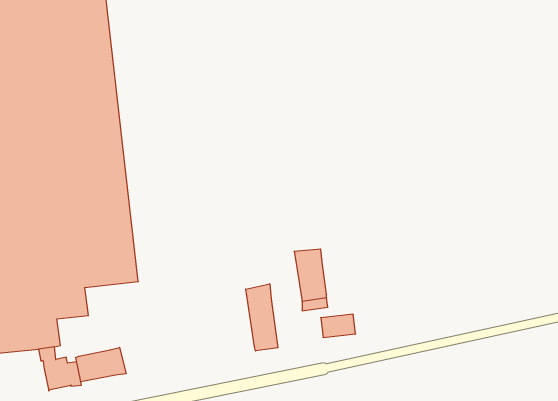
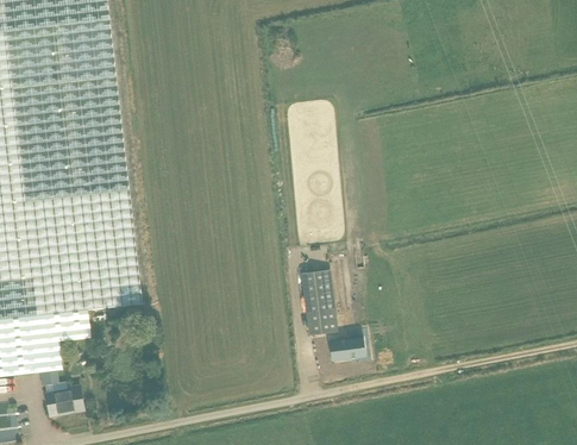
building: [246,284,278,351] -> none
building: [76,347,126,382] -> none

